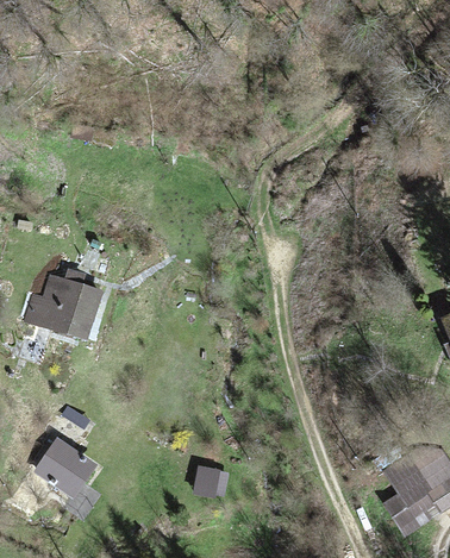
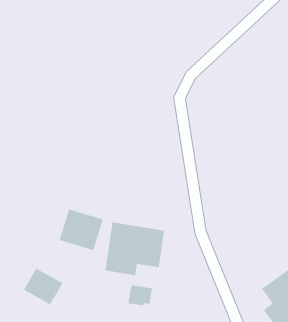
building: [33,276,99,338] -> [59,209,104,251]
building: none -> [105,222,165,276]

